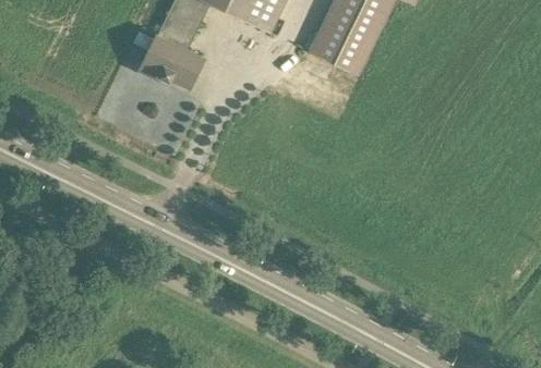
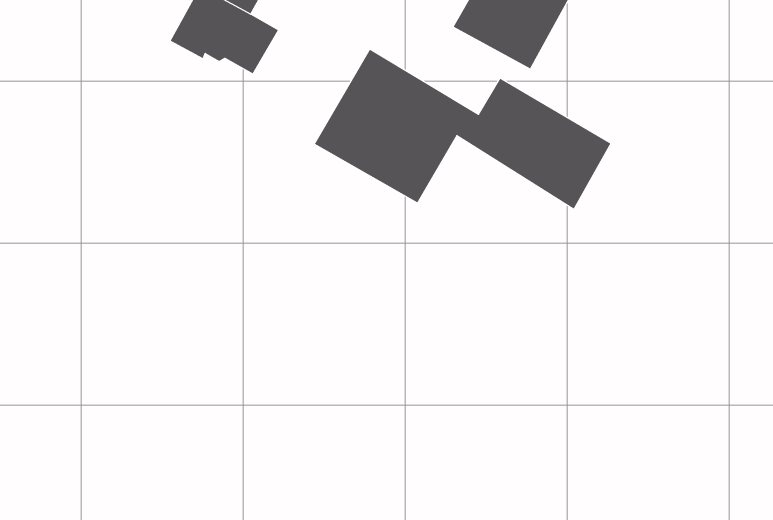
building: none -> [314,49,611,209]

